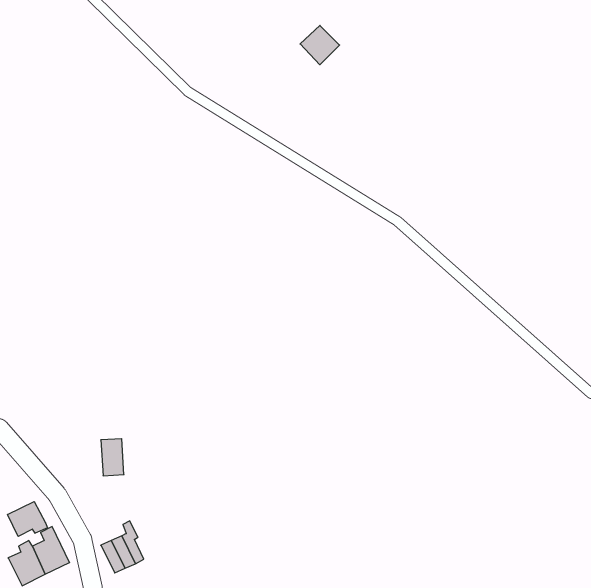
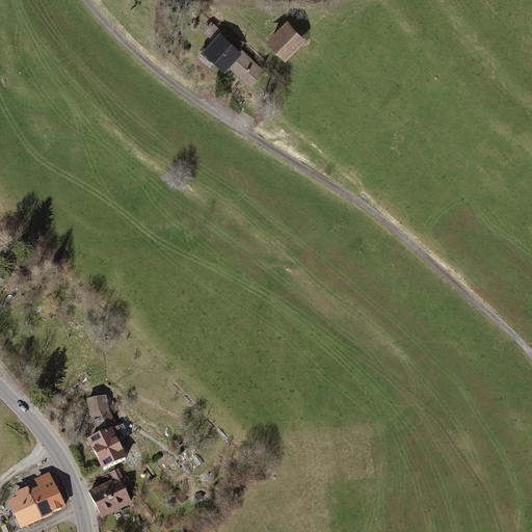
building: none -> [206,34,264,85]
building: none -> [88,428,124,468]
building: [8,502,47,536] -> none

